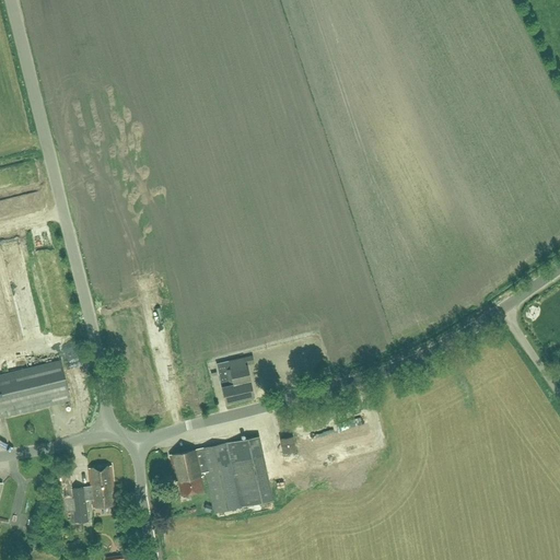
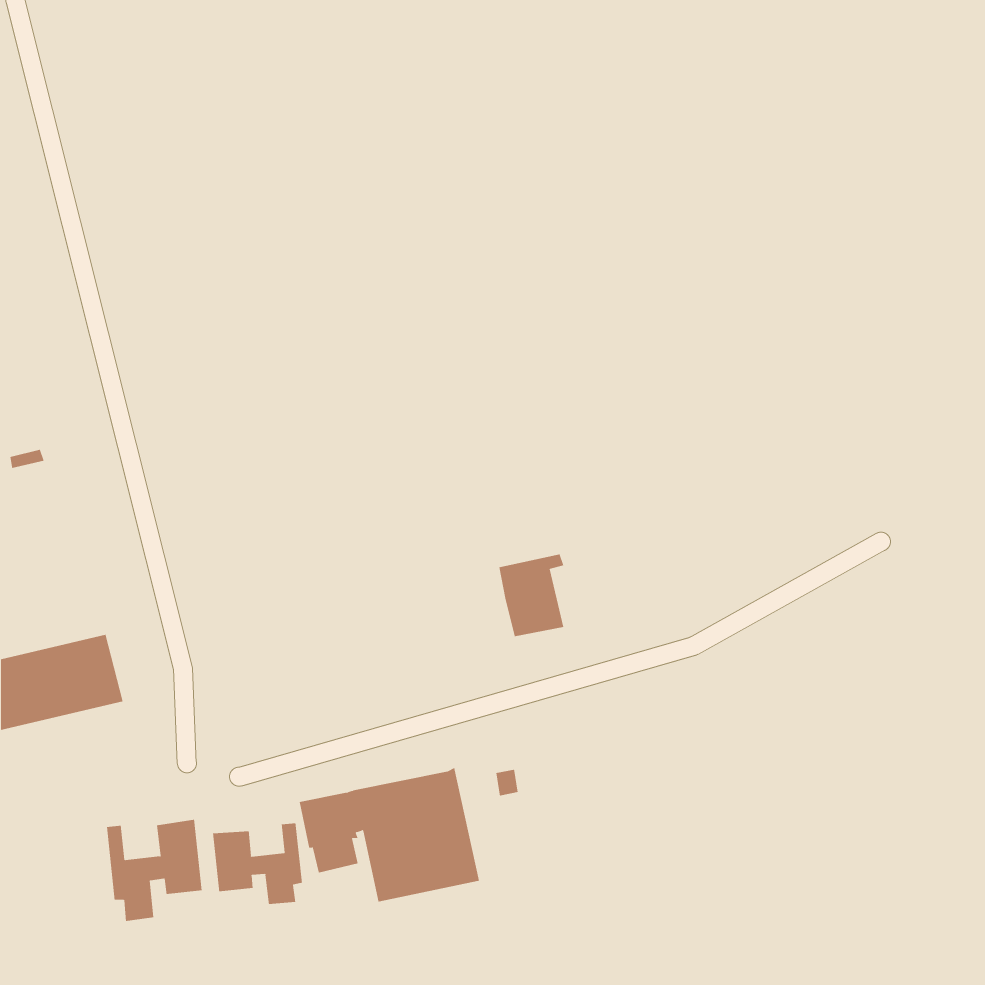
building: [217,355,254,402] -> [499,554,564,637]
building: none -> [212,822,302,905]

